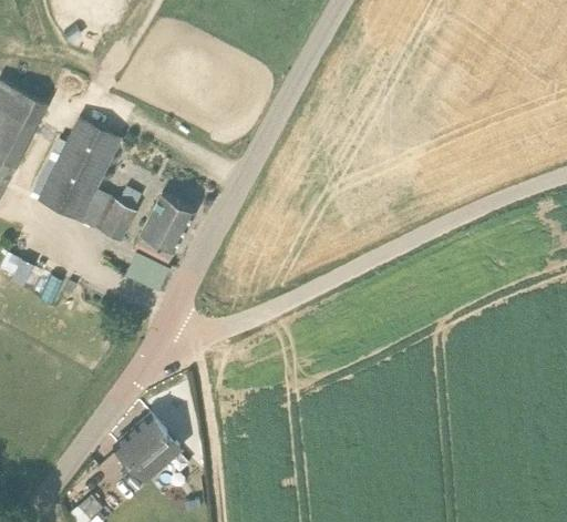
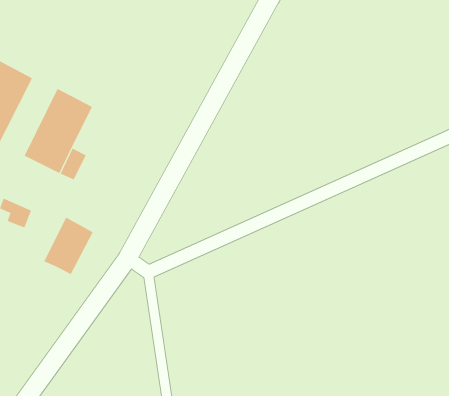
building: [131,193,193,265] -> [43,217,93,275]
building: [97,199,135,242] -> none
building: [114,416,178,478] -> none

